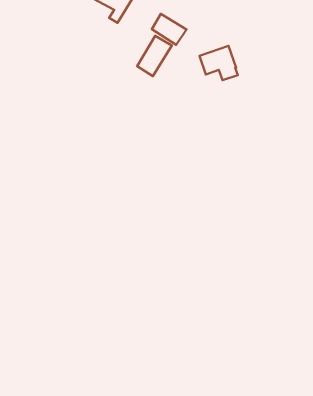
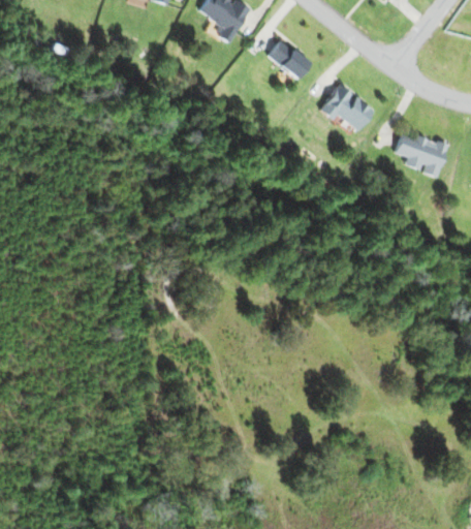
building: [137,36,172,76] -> none
building: none -> [396,129,448,178]

